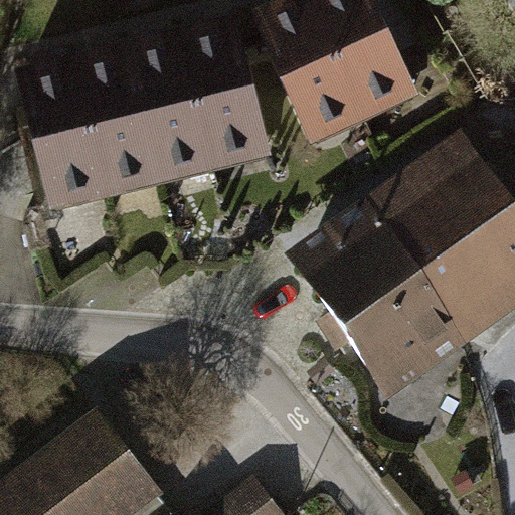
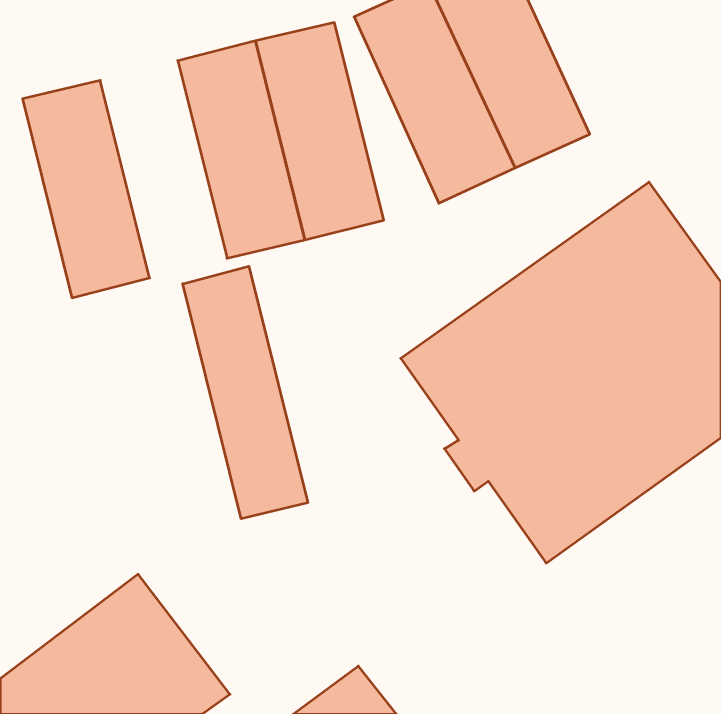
building: [71,43,162,198] -> none
building: none -> [183,266,308,519]

